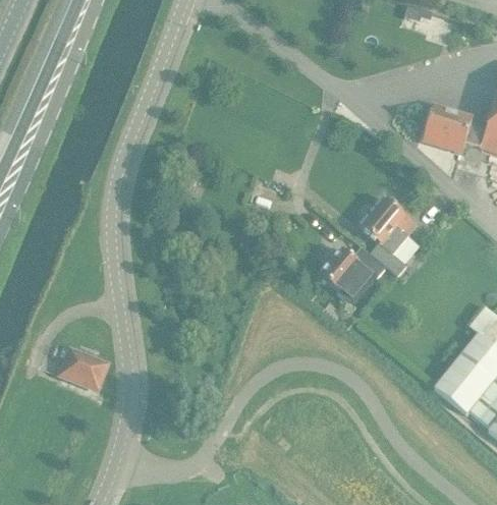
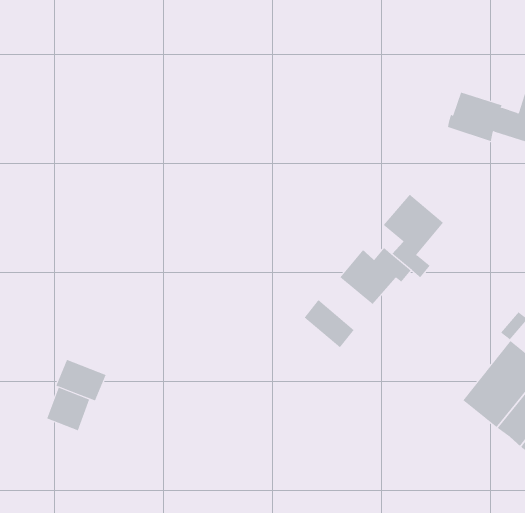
building: none -> [304,299,355,348]
building: none -> [46,387,90,431]

